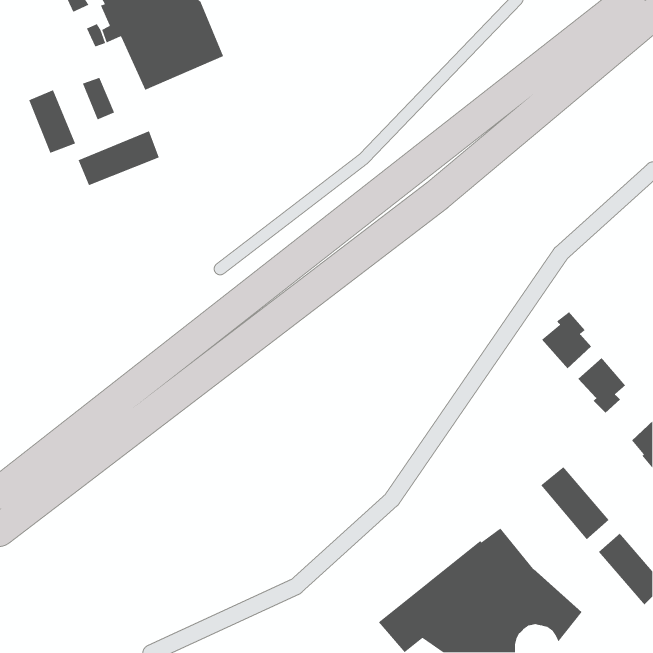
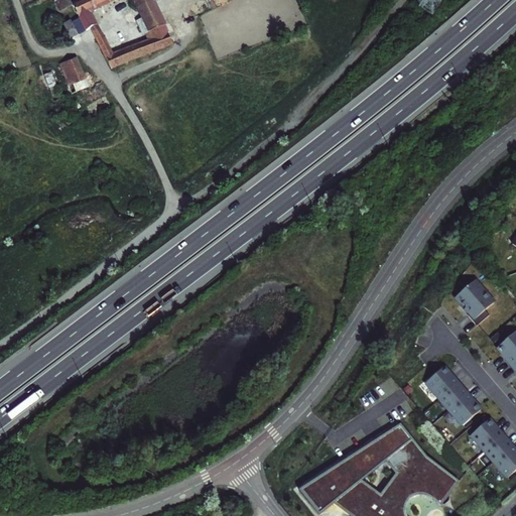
building: [28,89,76,154] -> none
building: [78,130,160,186] -> none
building: [541,311,592,369] -> none

